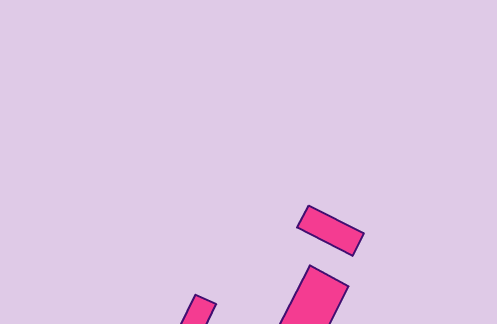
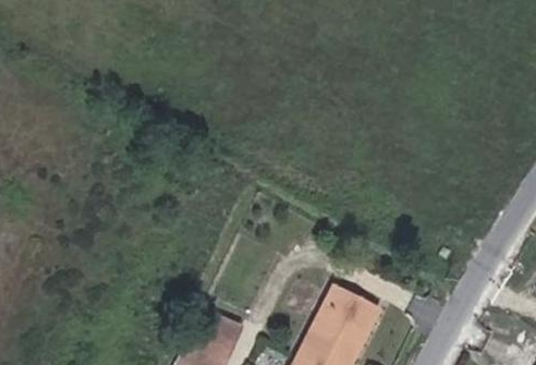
building: [297,206,364,256] -> none

